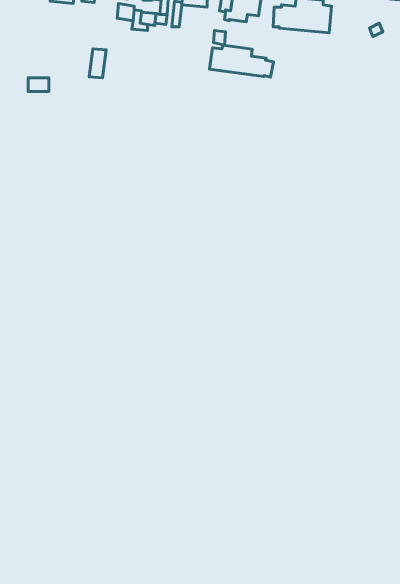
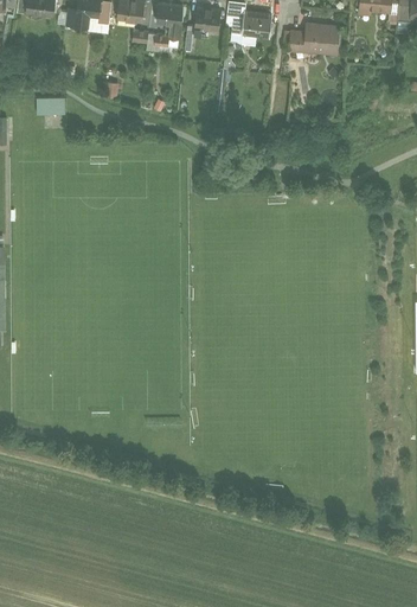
building: [210,45,273,77] -> none

